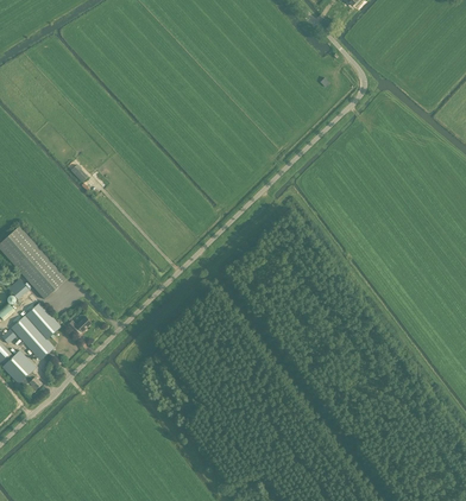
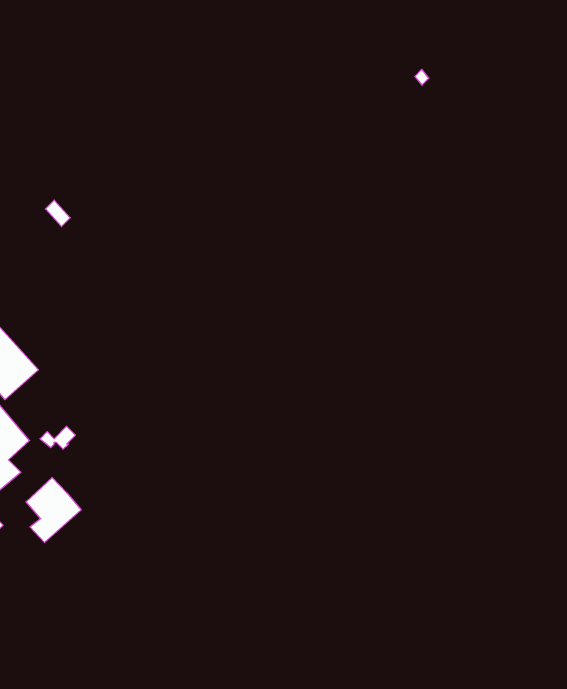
building: none -> [26,477,81,542]

